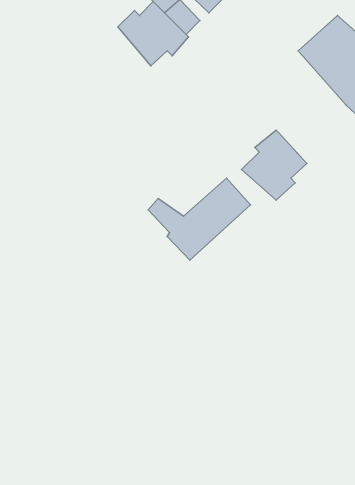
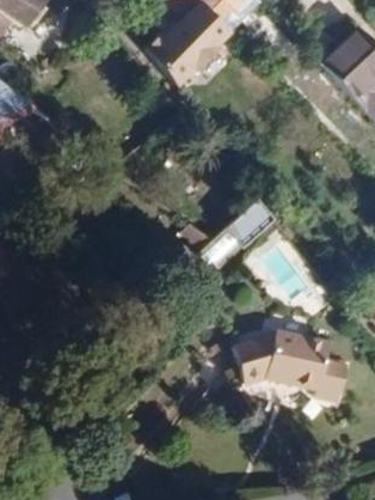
building: [241,130,307,200] -> none
building: none -> [236,322,348,391]

